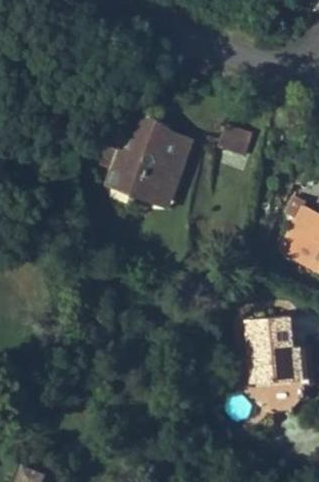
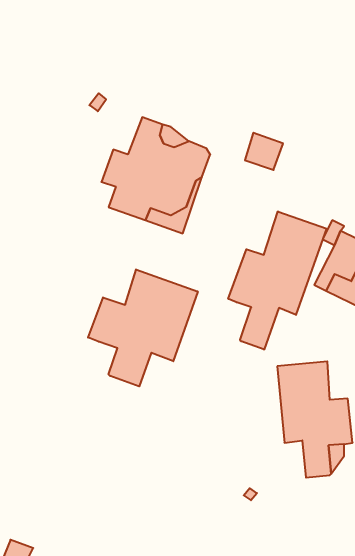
building: none -> [228,211,326,350]
building: none -> [88,269,198,386]

